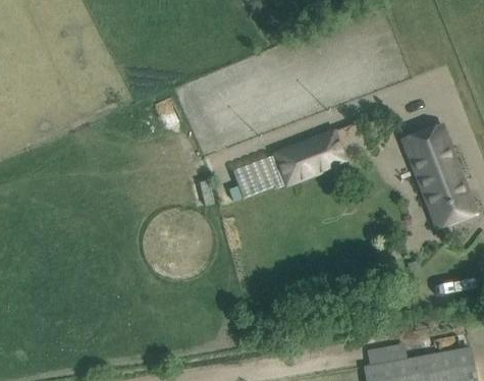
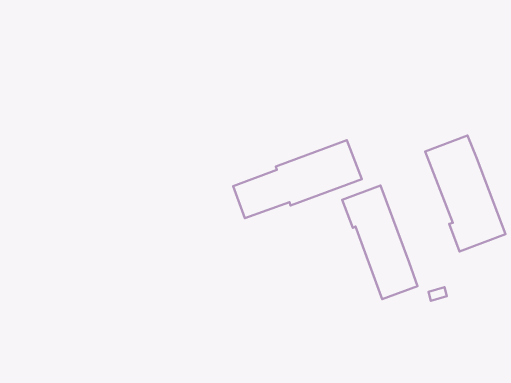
building: none -> [342,186,417,299]

